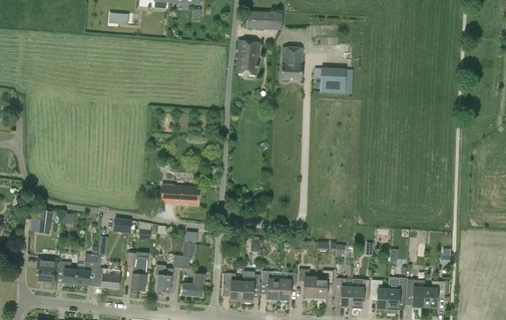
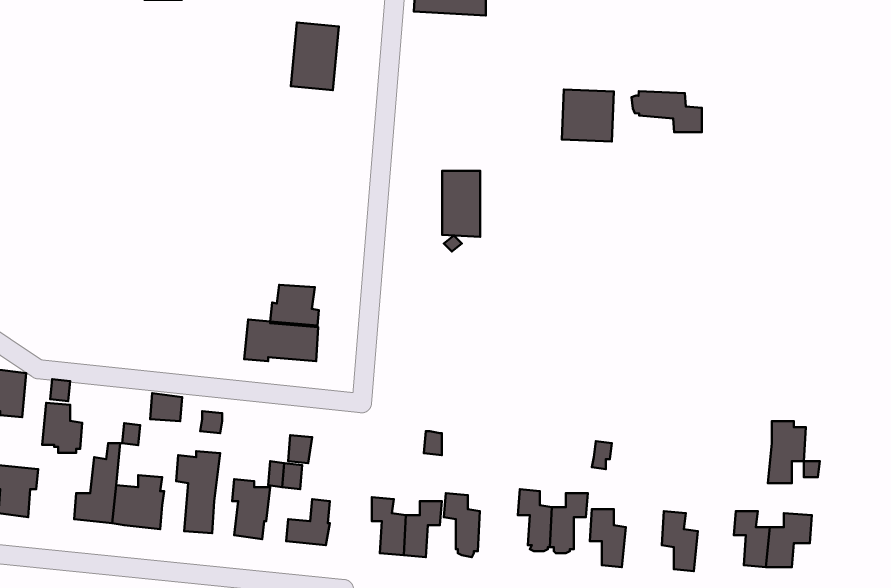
building: [235,40,260,74] -> [291,22,339,90]
building: [282,46,301,79] -> [442,171,480,237]
building: none -> [632,91,702,132]
building: none -> [270,285,319,326]
building: [56,260,76,285] -> [42,403,82,453]
building: [278,272,297,302] -> none
building: [386,278,405,309] -> [768,421,806,483]
building: [350,279,369,307] -> none

